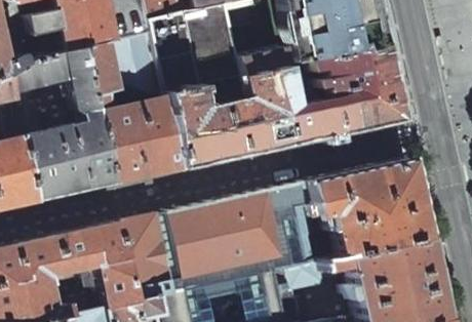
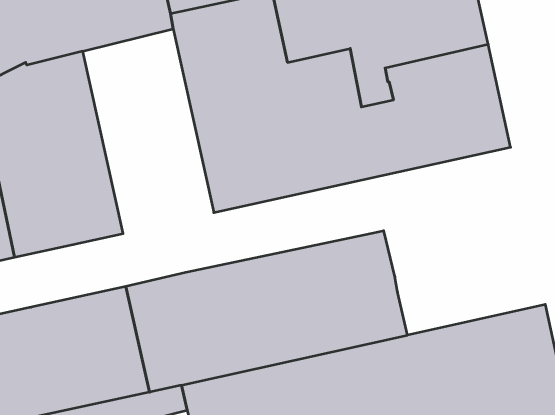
building: [88,32,185,183] -> none
building: [310,158,429,257] -> none

